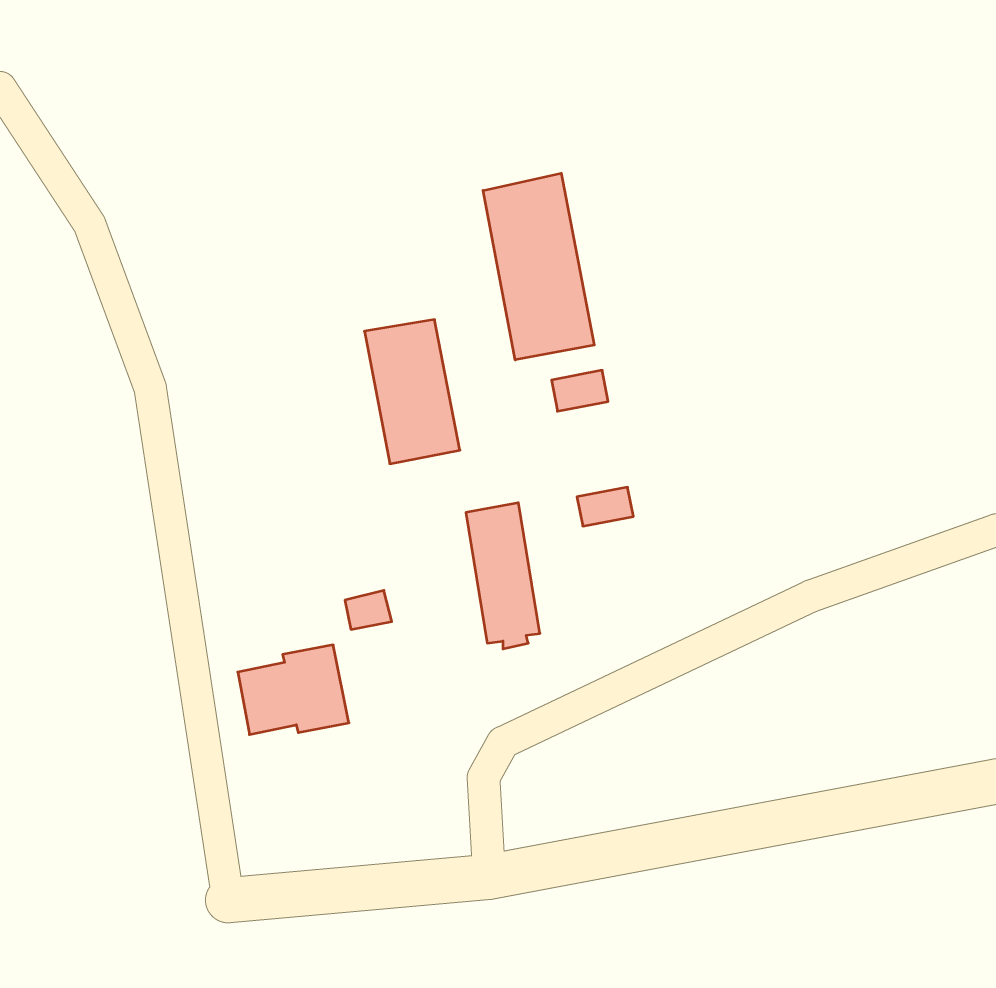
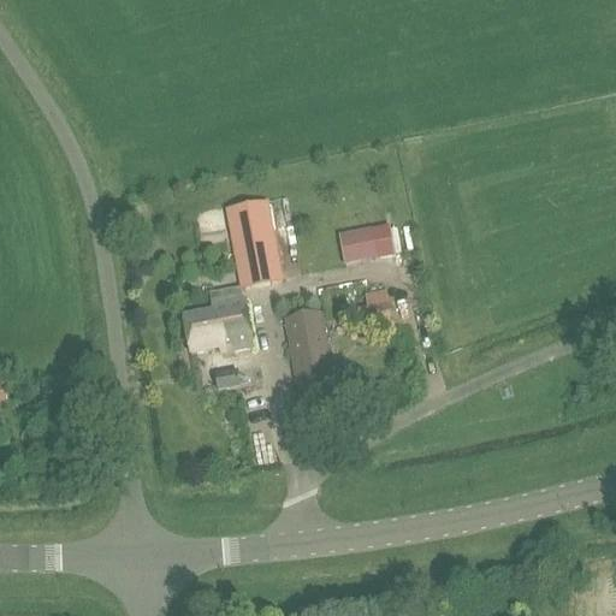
building: [483,173,594,360] -> none
building: [238,645,349,735] -> [184,296,253,351]

